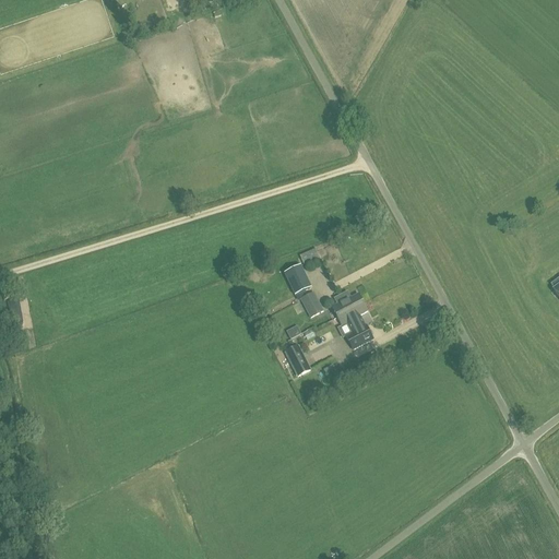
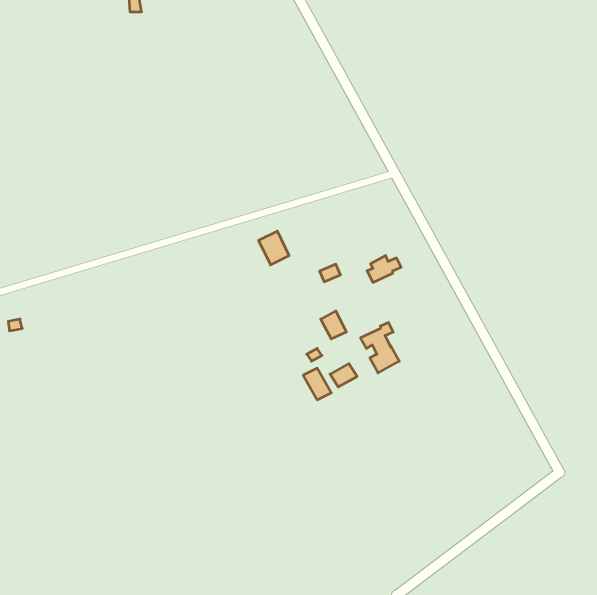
building: [283,263,311,295] -> [259,231,289,265]
building: [331,290,362,316] -> [367,256,401,282]

